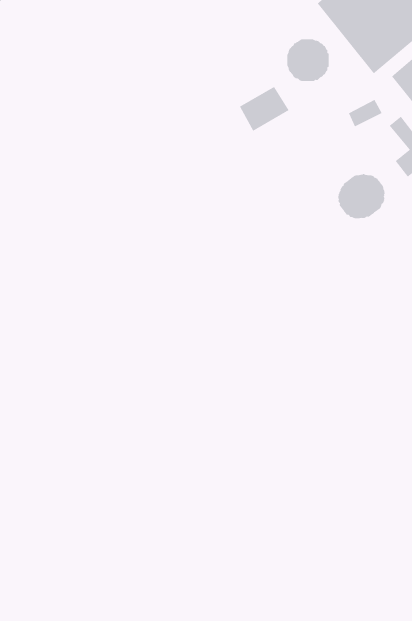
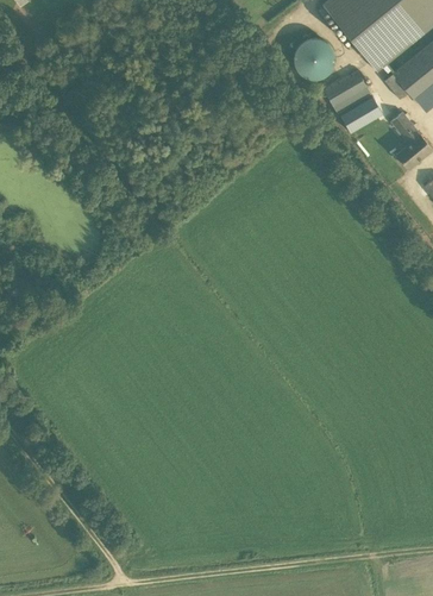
building: [239,86,290,132] -> [324,70,371,113]
building: [338,173,385,219] -> none

